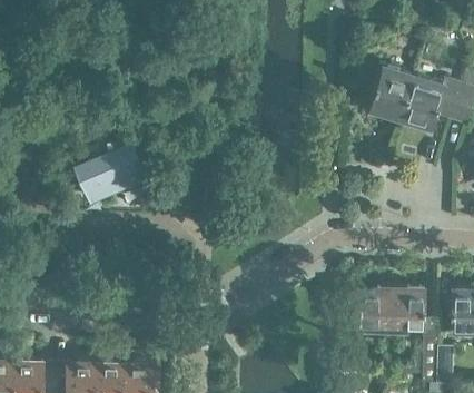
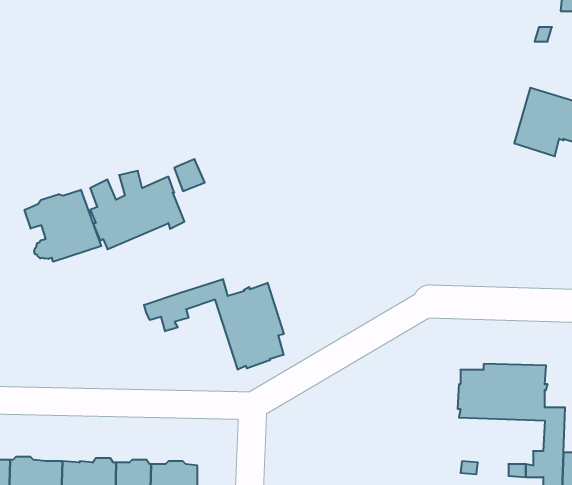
building: [371,67,413,118] -> none
building: none -> [25,190,101,262]
building: none -> [144,279,284,370]

